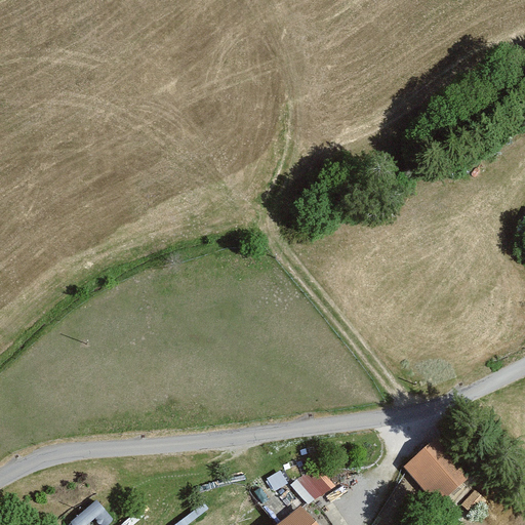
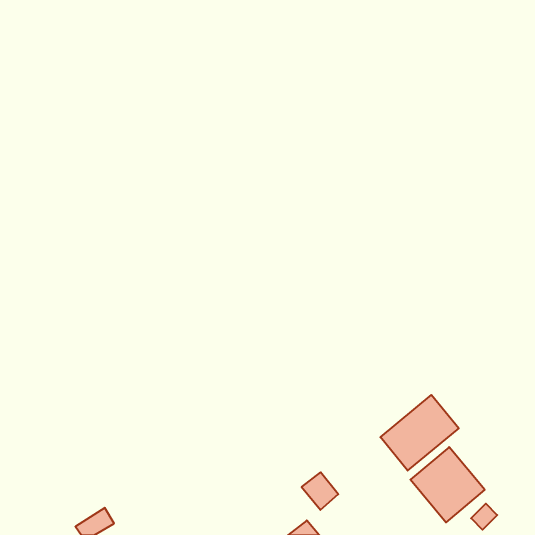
building: none -> [380,395,459,471]

